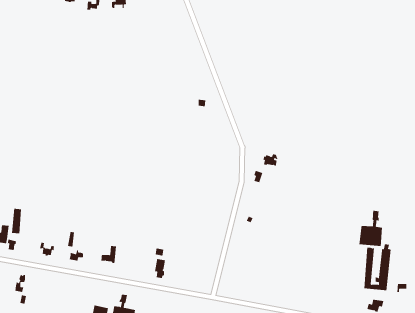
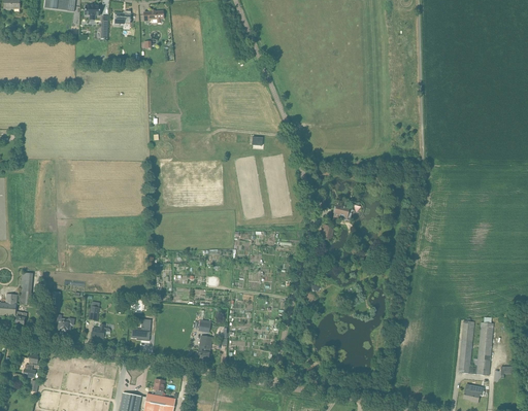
building: [359,210,383,247] -> none

